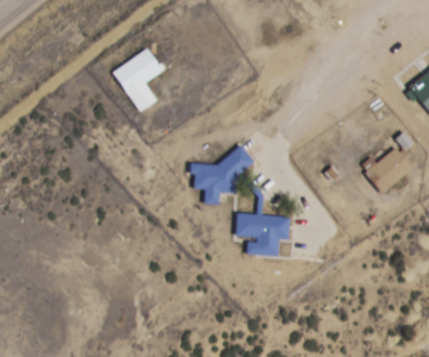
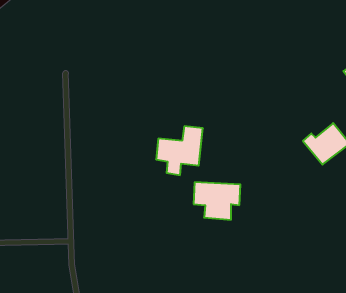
building: [113,48,164,113] -> none

